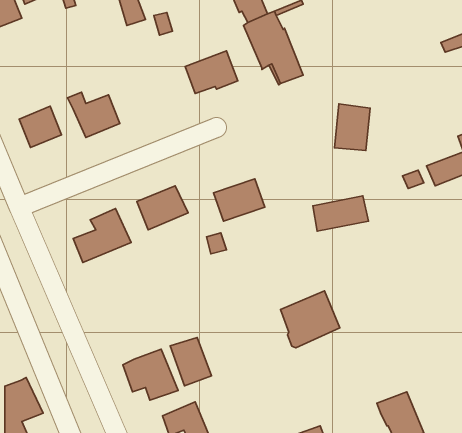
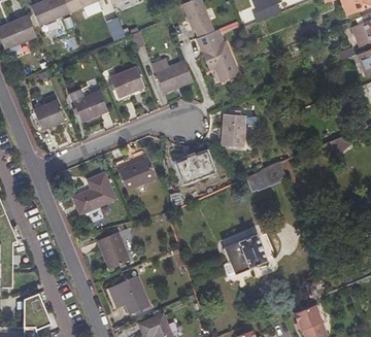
building: none -> [110,67,145,98]
building: [335,104,370,151] -> [222,112,247,146]
building: [170,337,211,386] -> [100,231,130,266]

